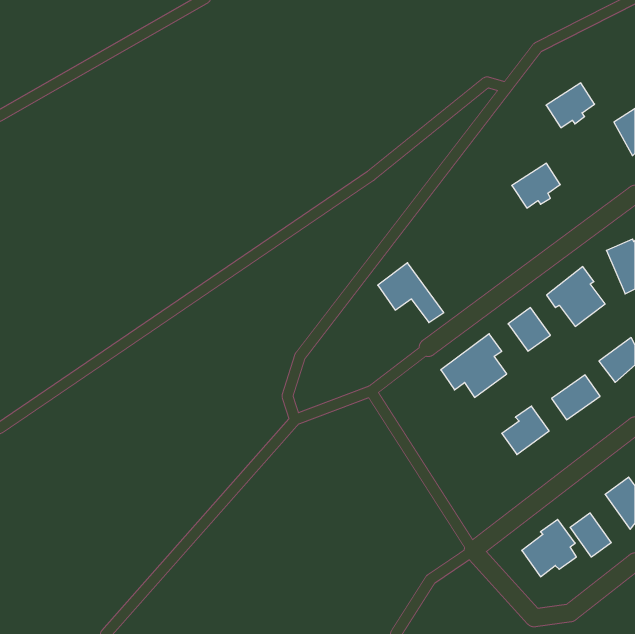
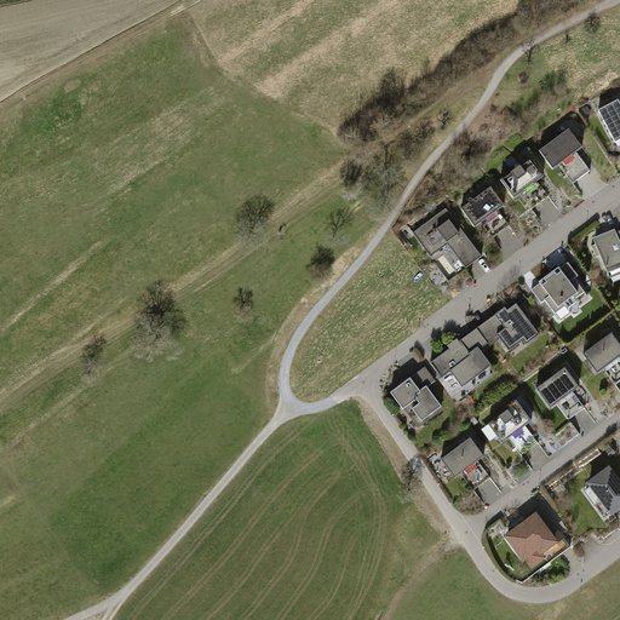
building: [546,83,595,128] -> [540,131,587,174]
building: none -> [454,188,501,231]
building: [378,263,444,323] -> [412,208,476,266]
building: none -> [391,366,443,421]
building: none -> [440,435,487,478]
building: [570,513,611,557] -> none

